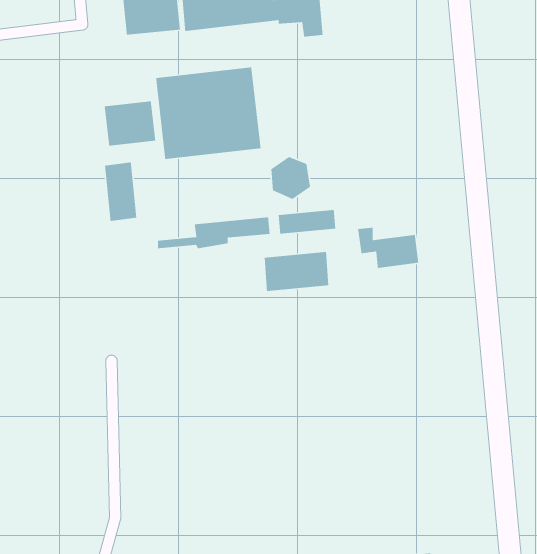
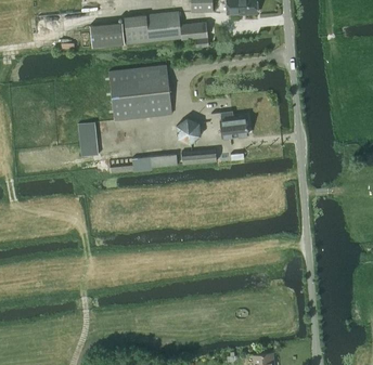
building: [104,100,156,147] -> none
building: [357,227,419,269] -> [211,113,248,138]
building: [264,251,329,292] -> none

